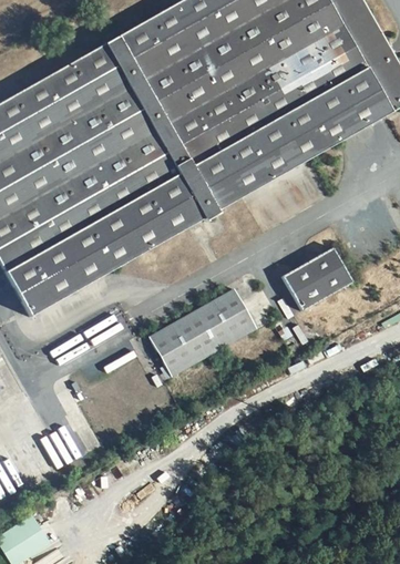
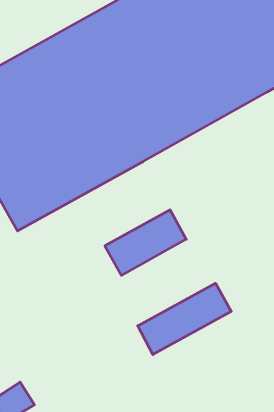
building: [283,248,351,309] -> none
building: none -> [138,283,231,355]

